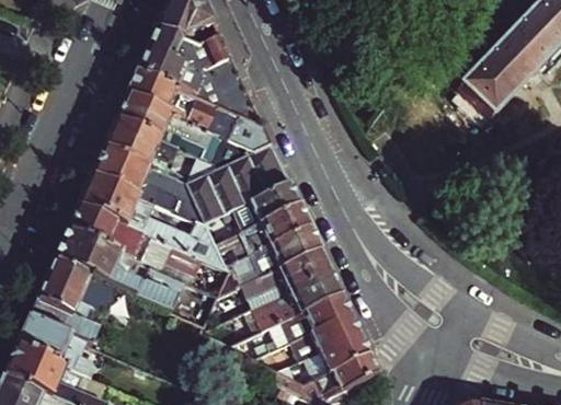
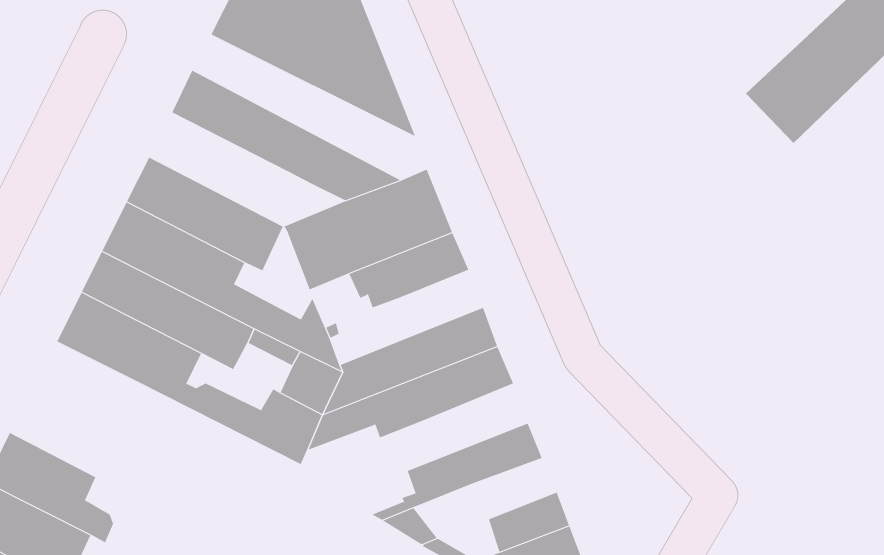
building: [126,73,271,154] -> none
building: [103,121,222,186] -> none
building: [231,206,309,259] -> none
building: [28,263,102,347] -> none
building: [218,273,340,347] -> none
building: [309,316,359,355] -> none

